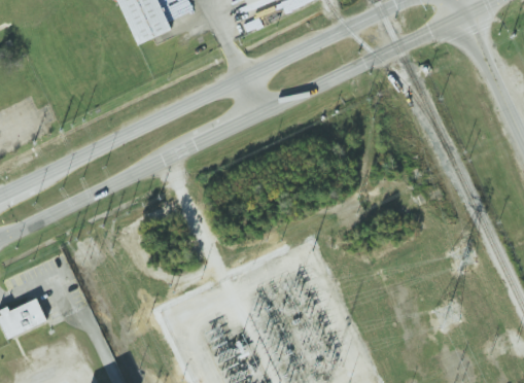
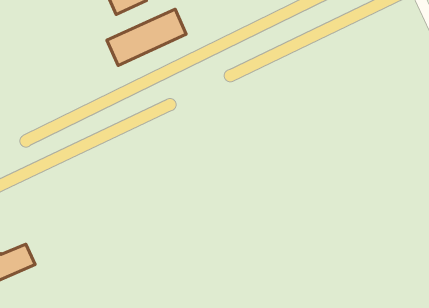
building: none -> [107,9,186,66]

